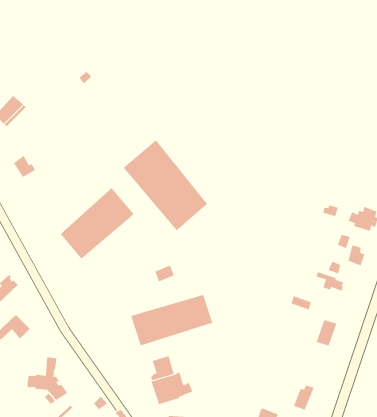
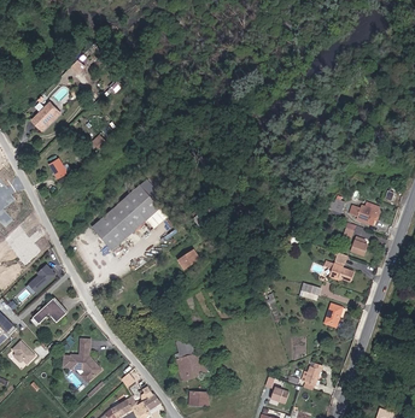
building: [123,139,208,231] -> none
building: [131,294,213,346] -> none

